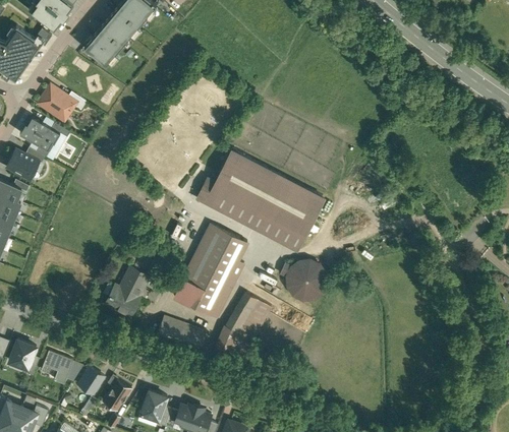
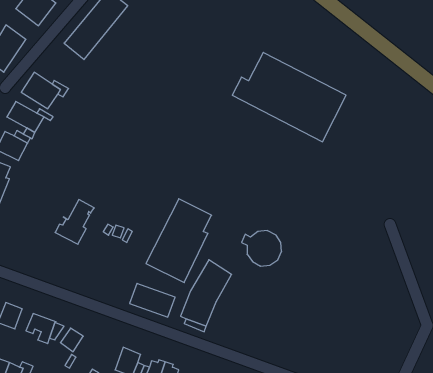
building: [196,150,324,250] -> [232,52,346,142]
building: [105,266,149,316] -> [55,200,94,244]
building: [103,379,131,412] -> none

